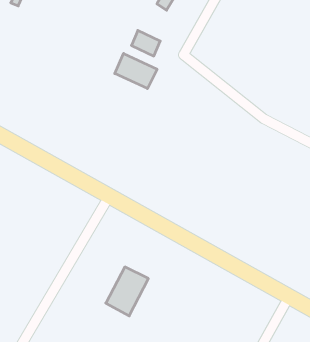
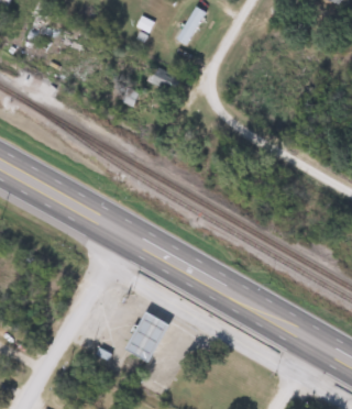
building: [115,53,157,89] -> none

